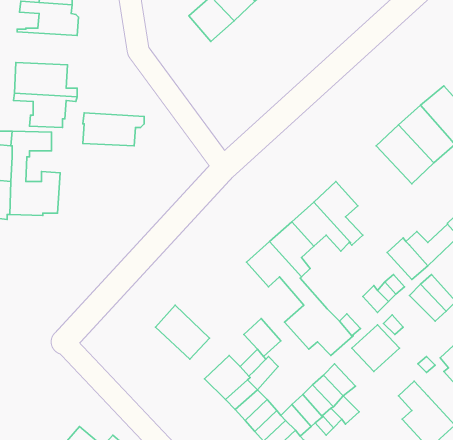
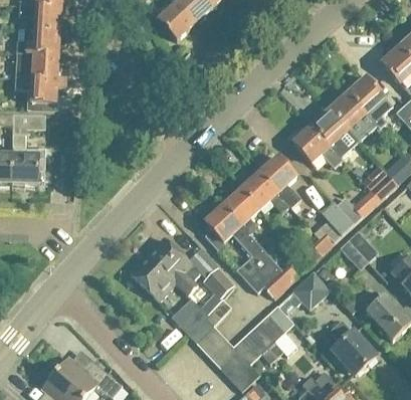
building: [83,113,144,146] -> [16,32,66,59]
building: none -> [293,126,343,167]
building: none -> [147,238,200,290]

